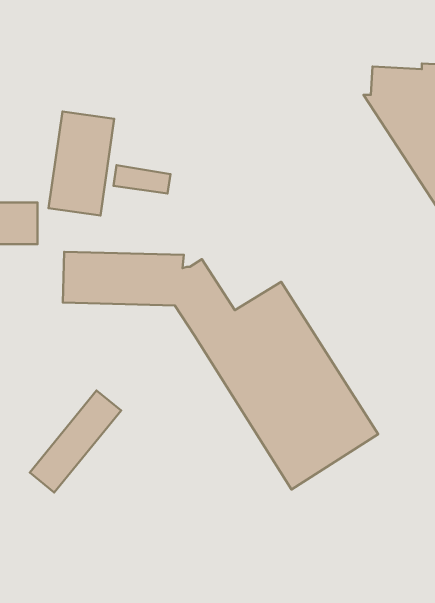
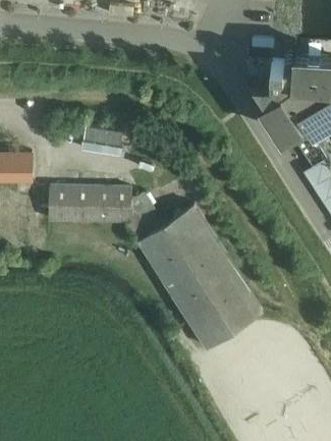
building: [49,112,114,216] -> none
building: [30,391,121,492] -> none

